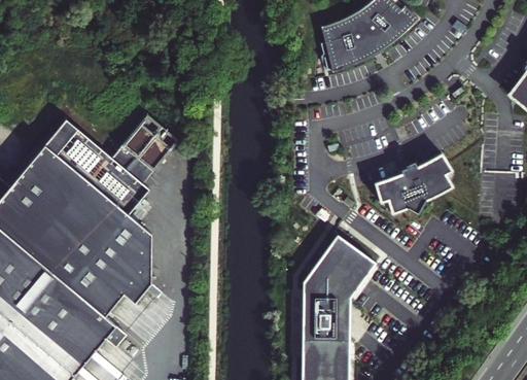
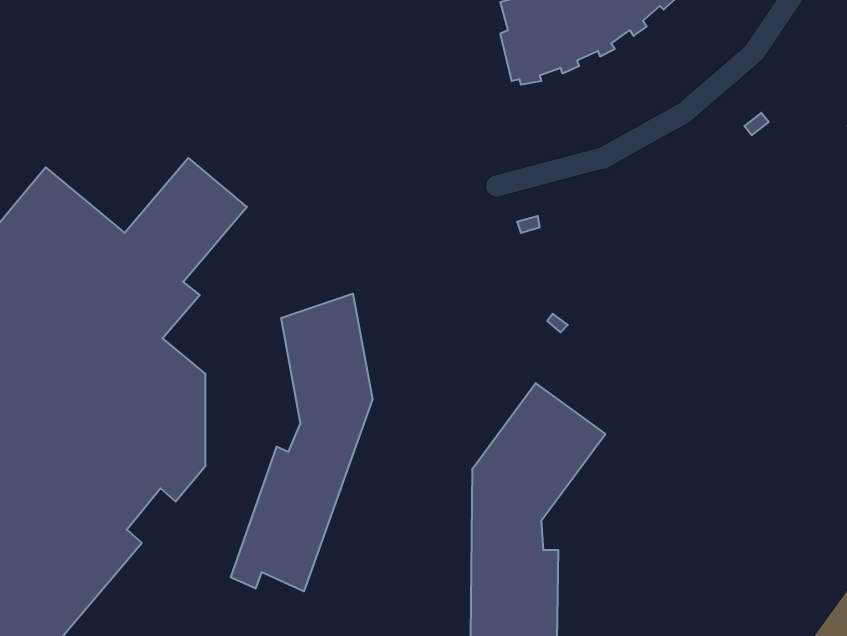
building: [375,159,451,218] -> none
building: none -> [231,294,372,591]

